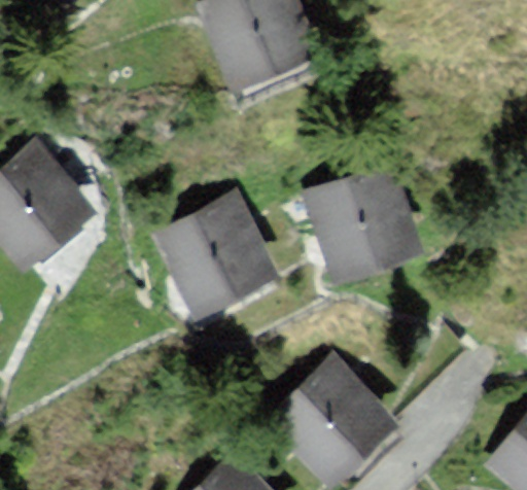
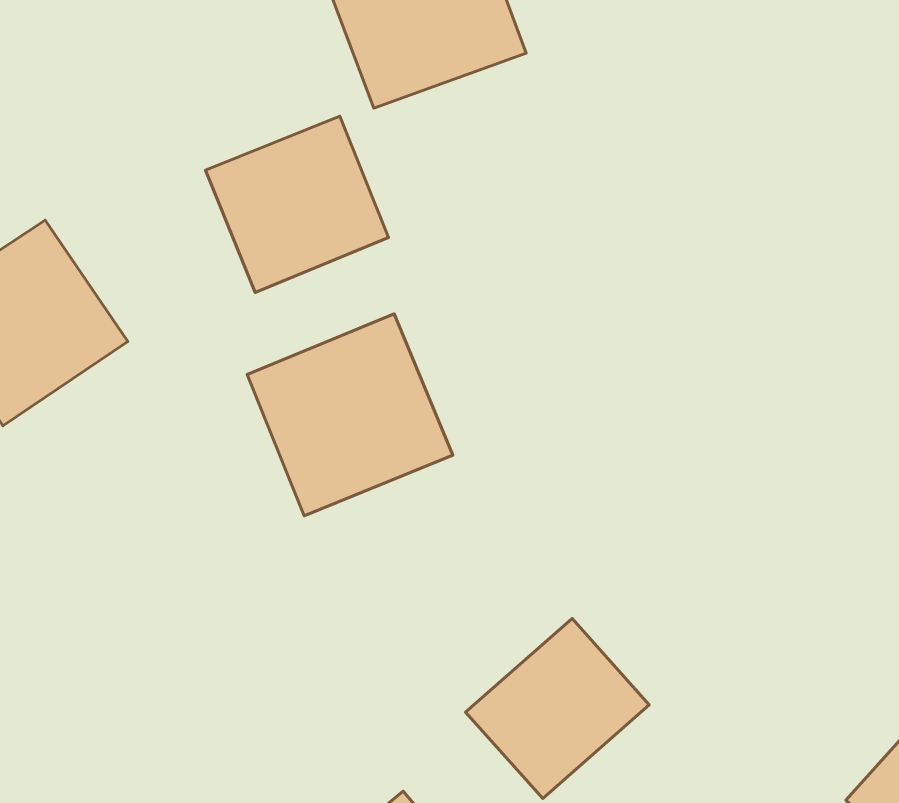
building: none -> [205,116,389,292]
building: [307,172,418,278] -> none

